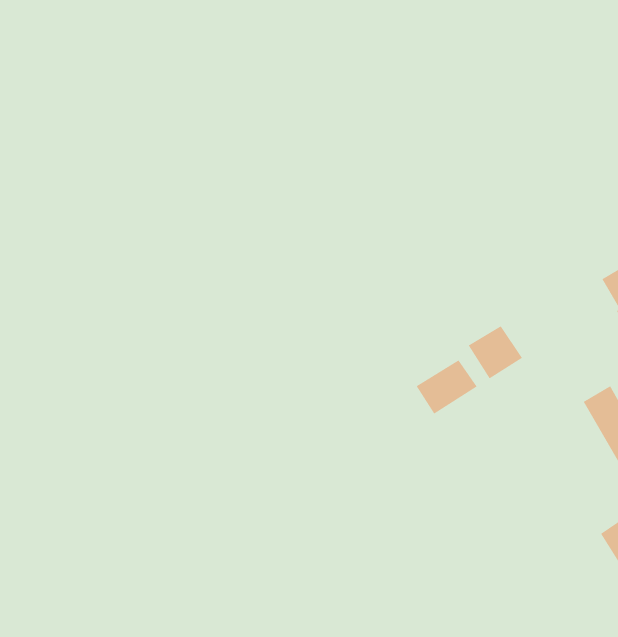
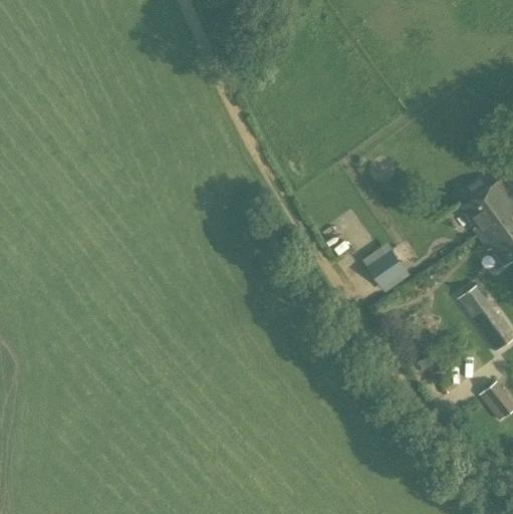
building: [416,360,478,415] -> none

